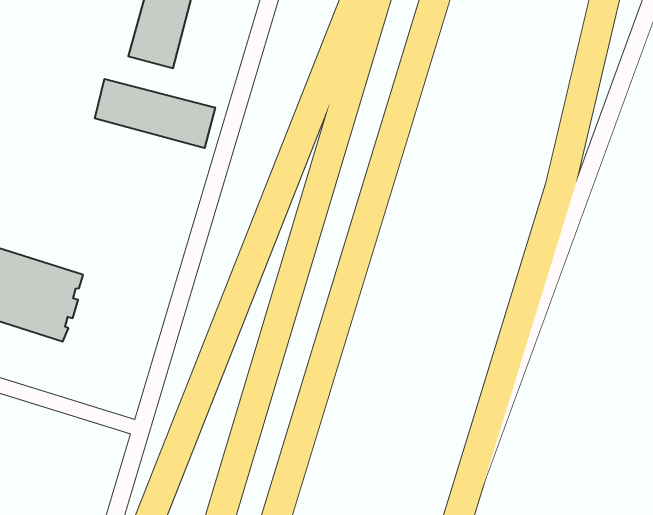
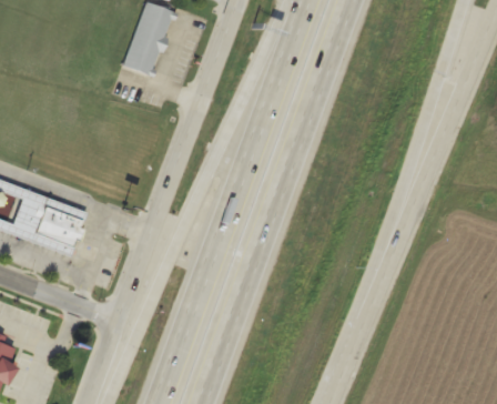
building: [95,79,215,148] -> none

